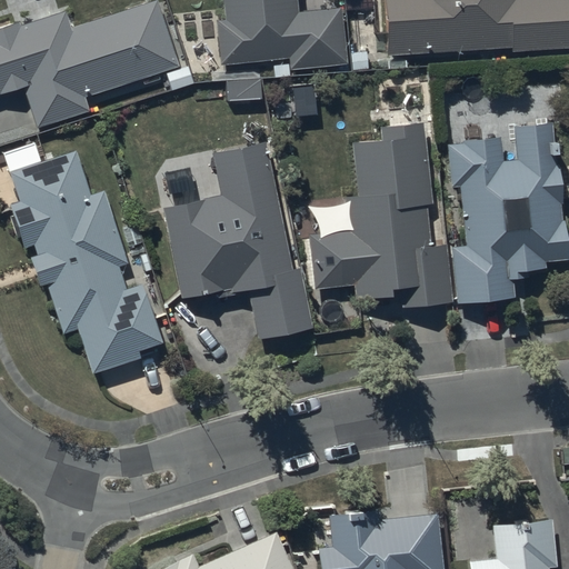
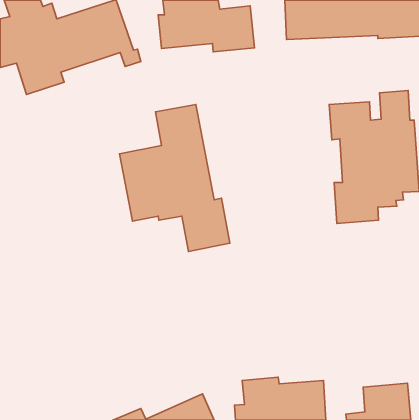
building: [312,122,451,307] -> none
building: [10,151,161,373] -> none

